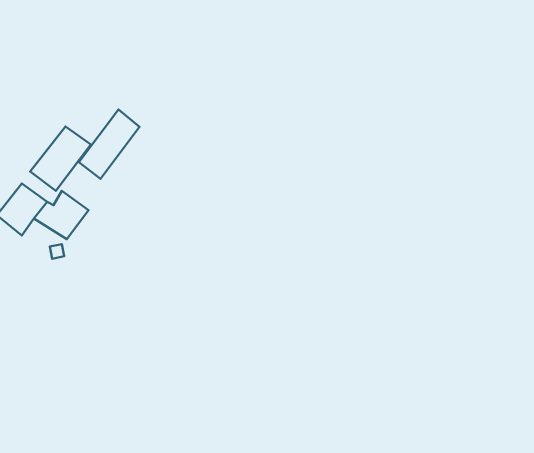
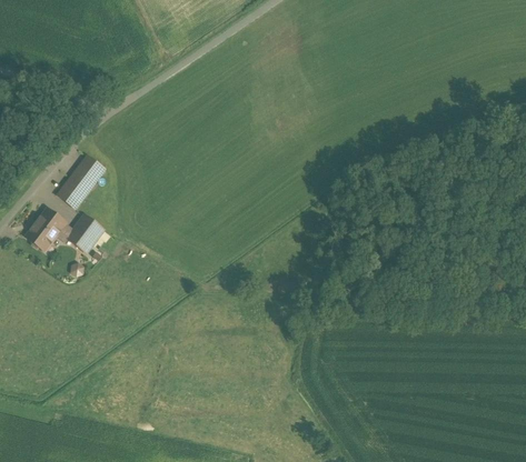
building: [79,110,139,179] -> none

